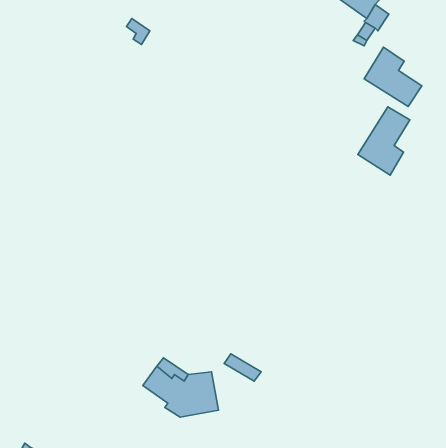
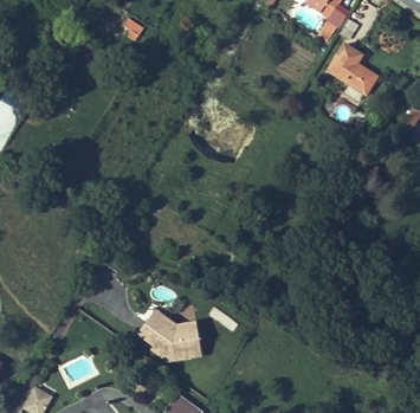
building: [358,107,410,175] -> none

